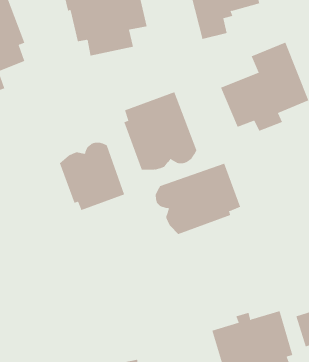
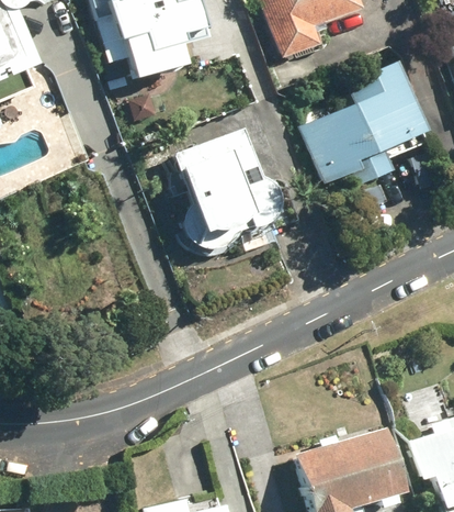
building: [59,142,125,211] -> none
building: [155,163,241,235] -> none

